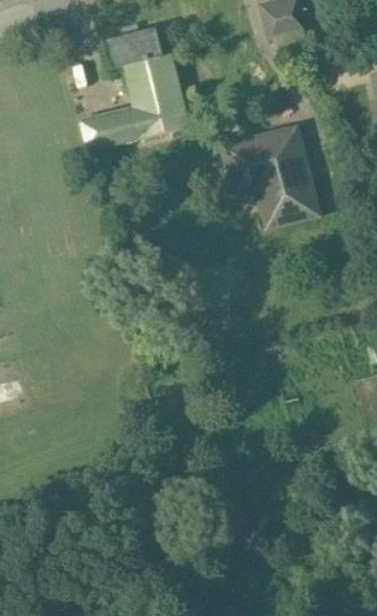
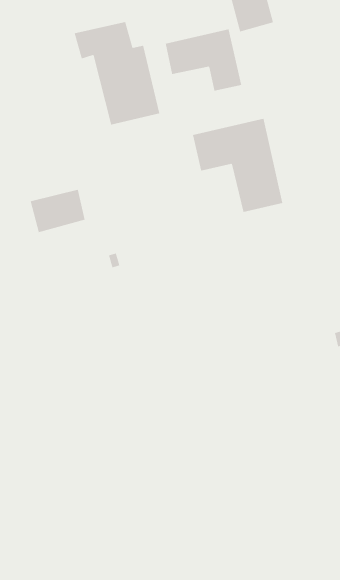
building: none -> [165,28,242,92]
building: [79,105,136,149] -> [30,189,85,233]

